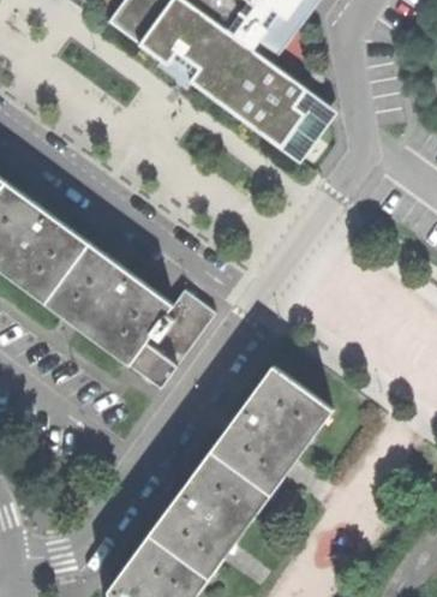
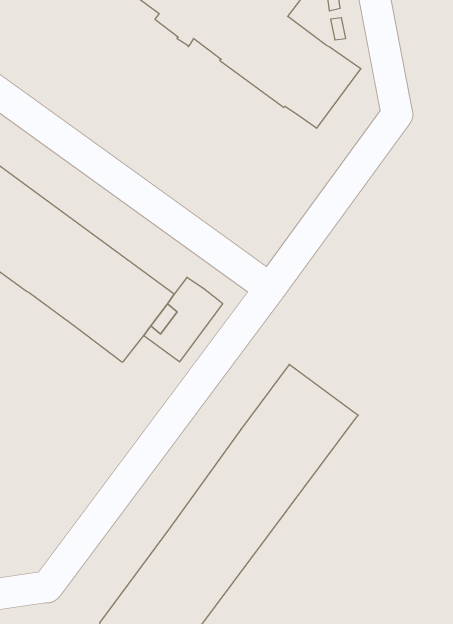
building: [128,340,178,387] -> none

